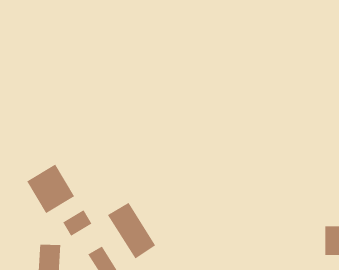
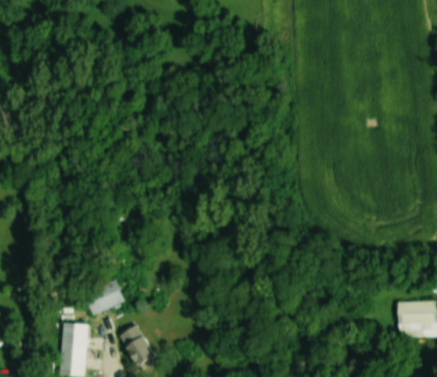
building: [26,164,75,214] -> none
building: [107,202,156,260] -> none

